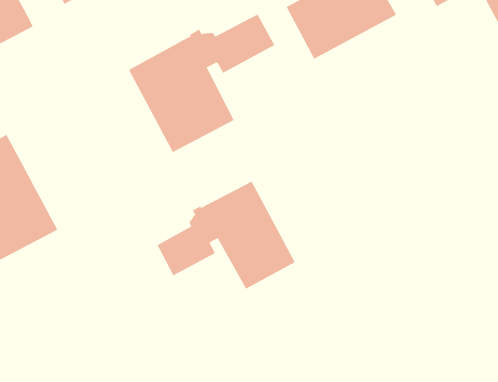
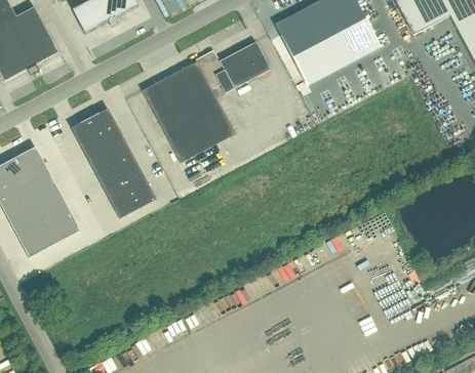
building: none -> [71,107,156,217]
building: [157,181,296,290] -> none

